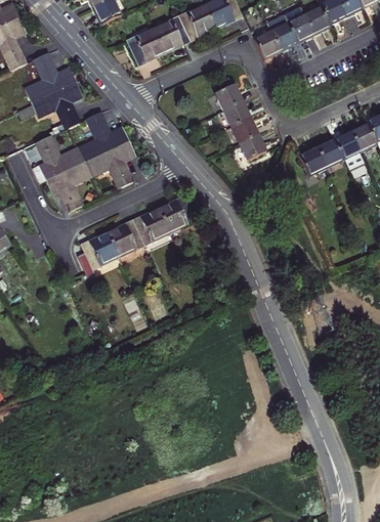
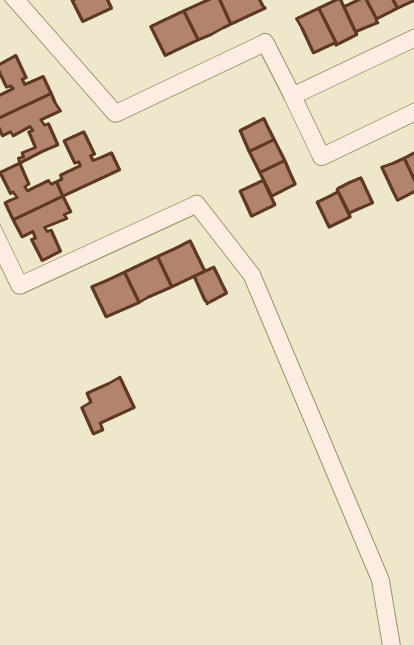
building: [127,29,165,64] -> none
building: [254,30,281,57] -> none
building: [215,84,242,110] -> none
building: [318,138,343,166] -> [317,192,350,227]
building: [85,140,135,187] -> none
building: none -> [240,180,275,216]
building: none -> [194,267,226,304]
building: [78,231,119,275] -> [82,377,134,434]

